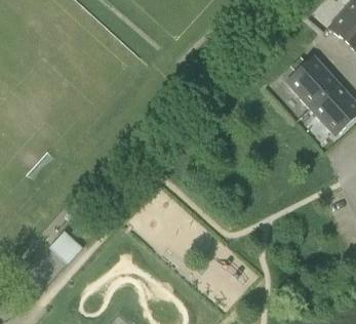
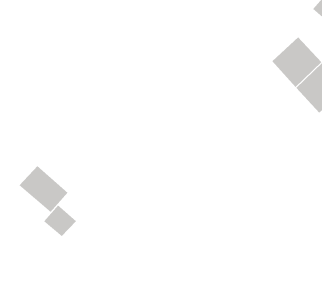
building: none -> [18,165,69,213]

